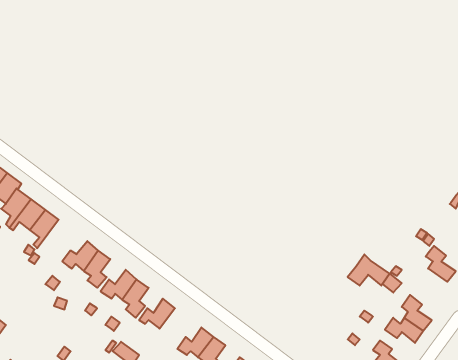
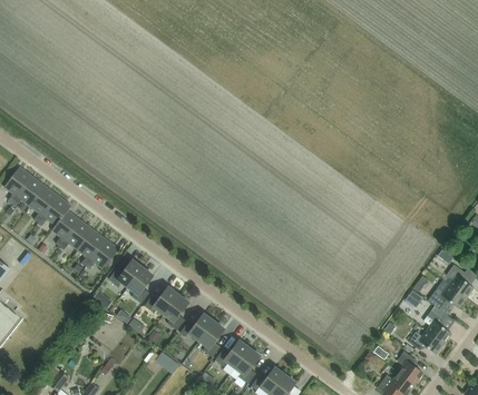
building: none -> [86,239,119,268]
building: [348,254,390,286] -> [428,279,467,308]
building: none -> [199,322,225,357]

